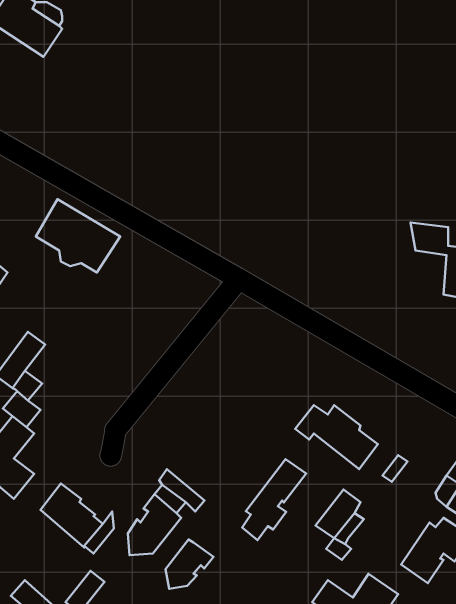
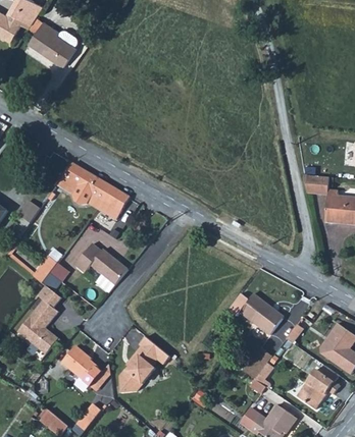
building: none -> [98,184,131,219]
building: none -> [77,242,129,283]
building: [242,459,306,540] -> none
building: [165,540,213,589] -> none

